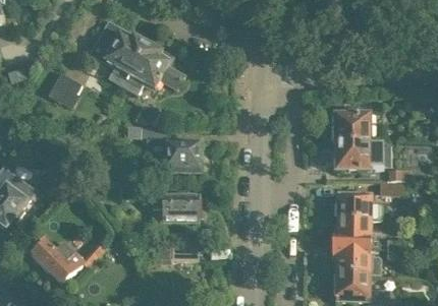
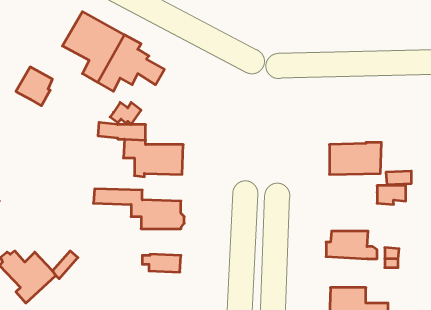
building: [334,113,383,142] -> none
building: [337,194,381,222] -> none
building: [331,245,381,274] -> none

